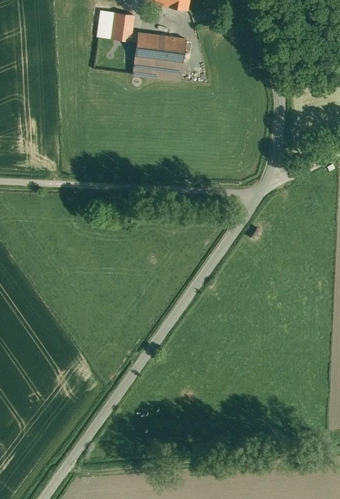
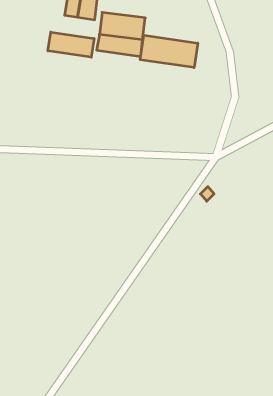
building: none -> [48,32,94,57]
building: none -> [140,35,198,68]

